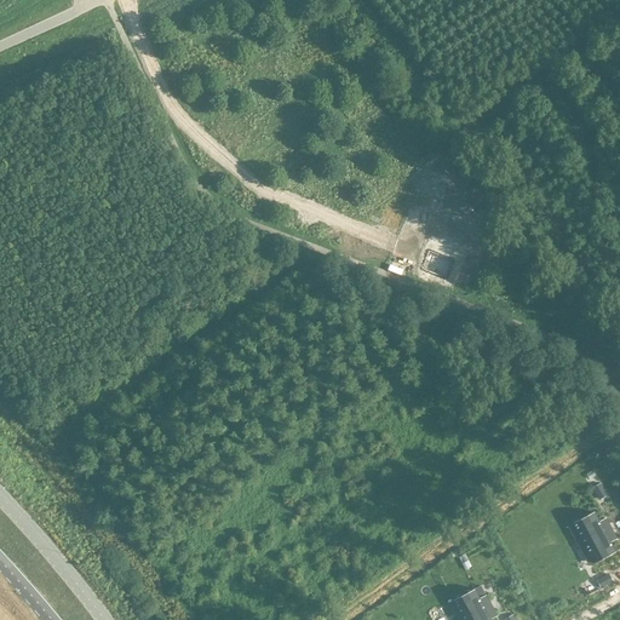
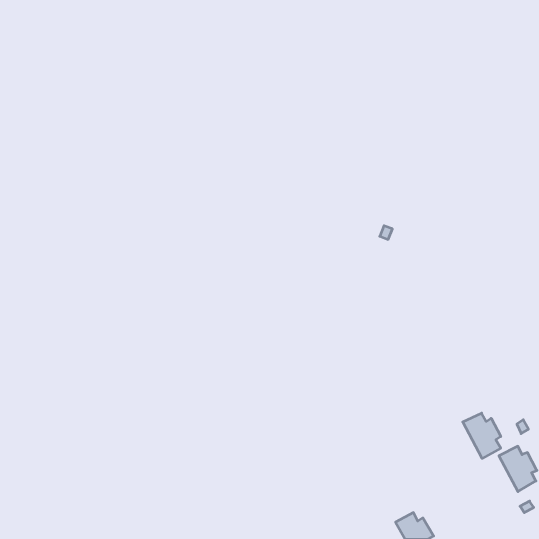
building: none -> [463,413,501,458]

